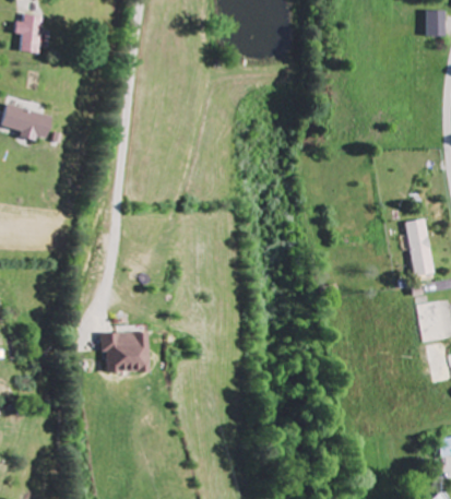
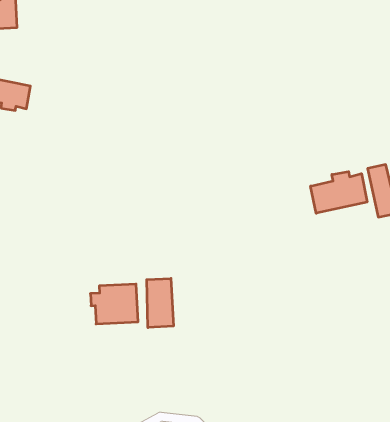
building: none -> [311,172,367,213]
building: none -> [147,278,173,328]

